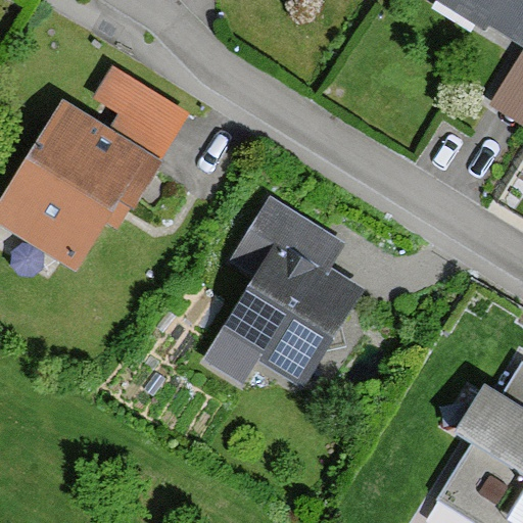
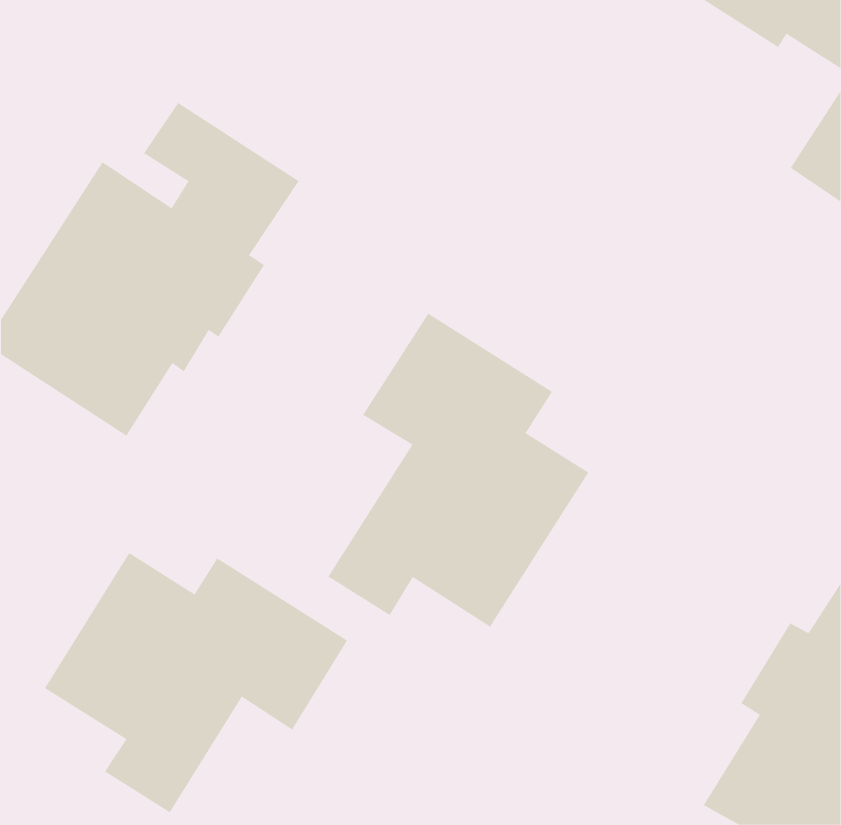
building: none -> [44,552,348,813]

